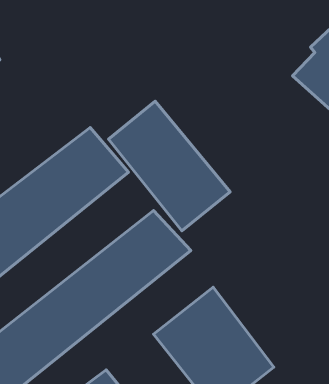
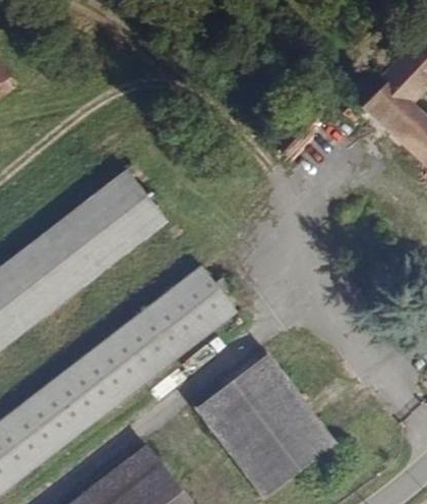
building: [108,101,230,231] -> none

